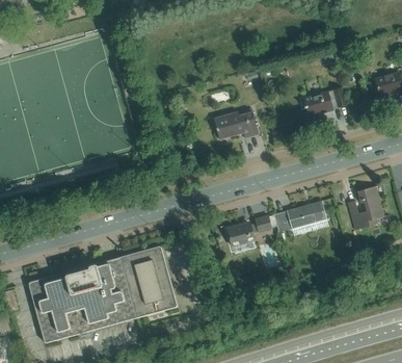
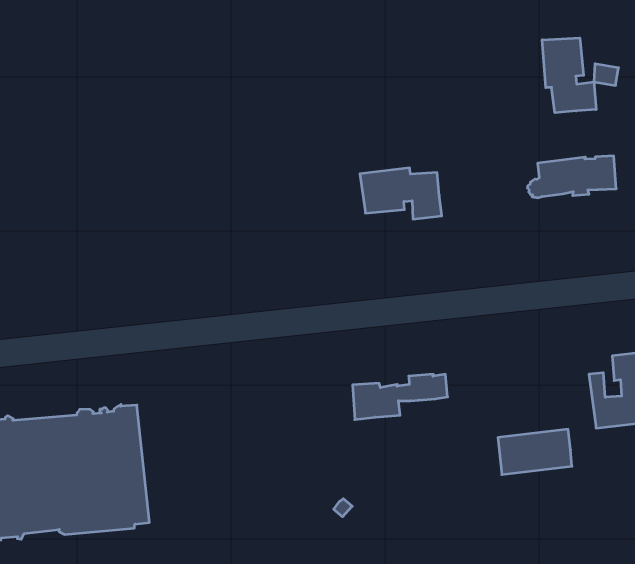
building: none -> [542,38,596,113]
building: [285,201,325,230] -> [498,429,572,475]
building: [117,245,177,318] -> none

